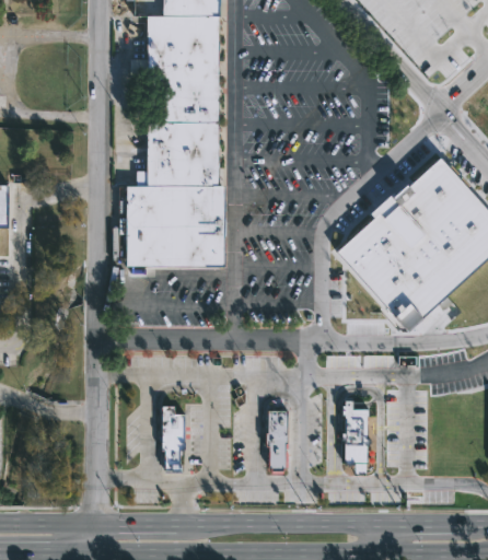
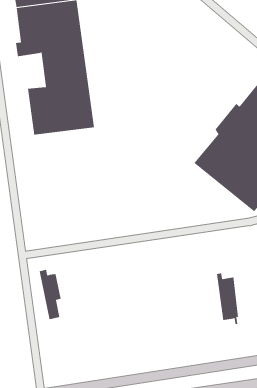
building: [123,184,222,272] -> none
building: [164,407,188,474] -> [39,269,61,320]
building: [270,410,290,470] -> none

